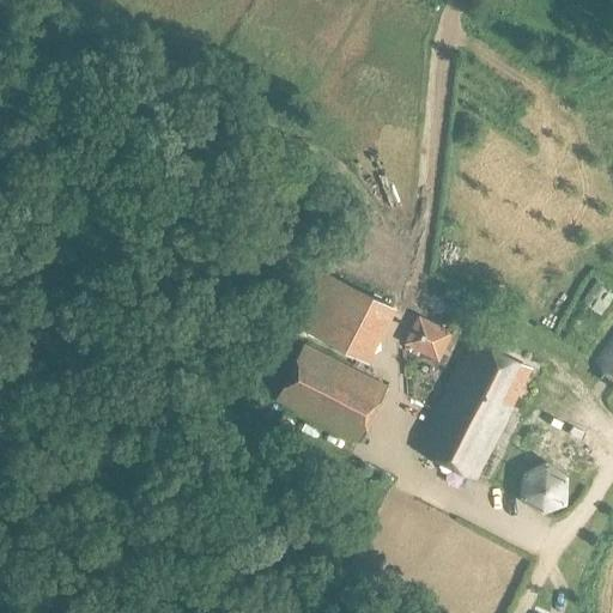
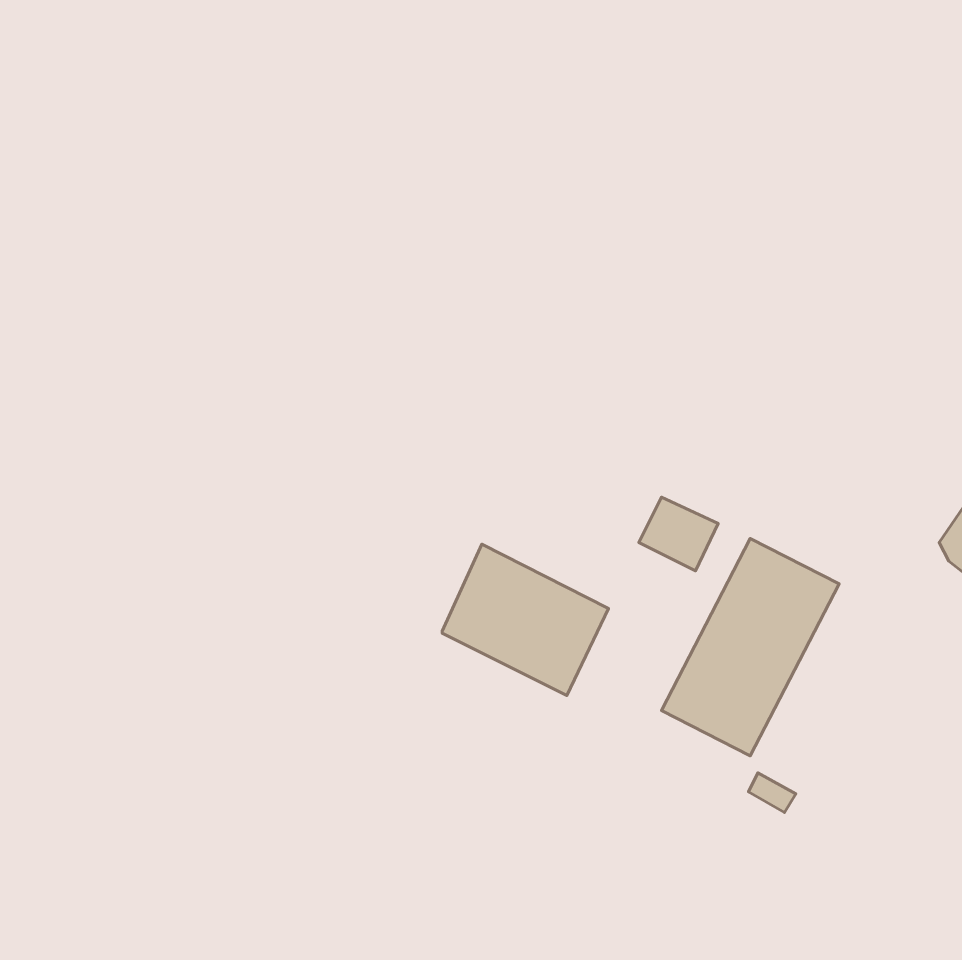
building: [293,273,394,363] -> none
building: [523,460,569,504] -> none

